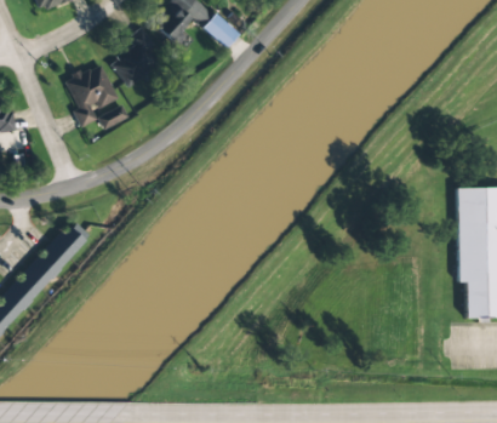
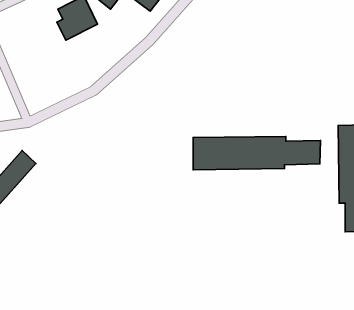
building: [64,64,127,128] -> none
building: none -> [193,136,320,170]

